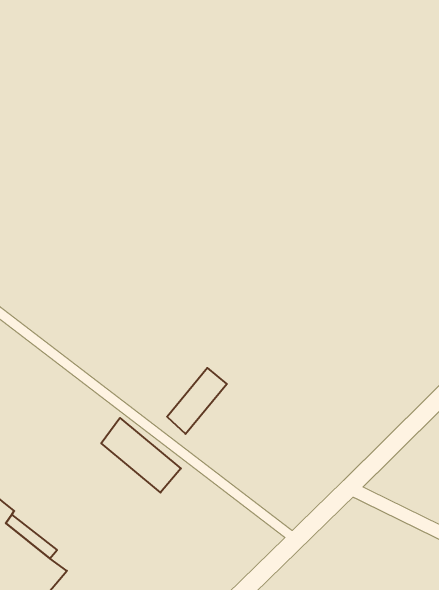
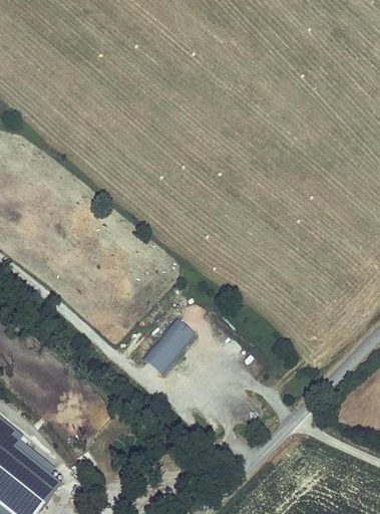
building: [101,418,181,493] -> none

